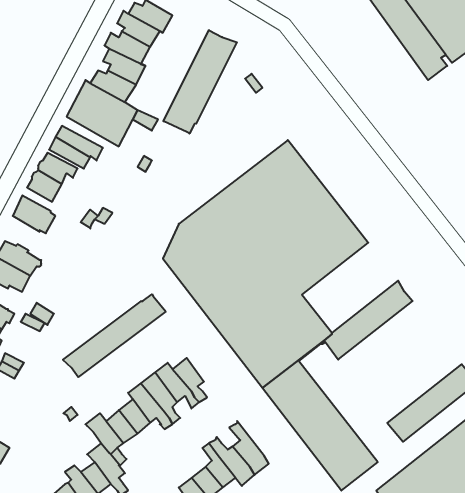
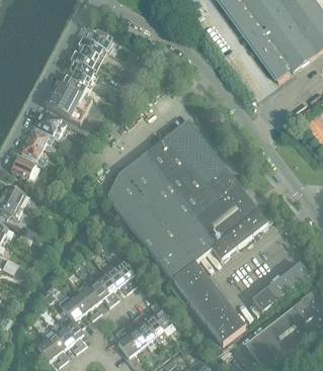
building: [163,30,237,134] -> none
building: none -> [196,186,258,244]
building: [63,294,166,377] -> none

